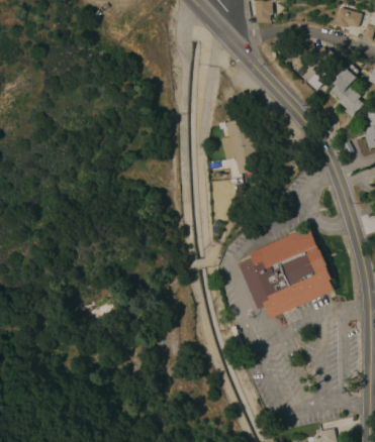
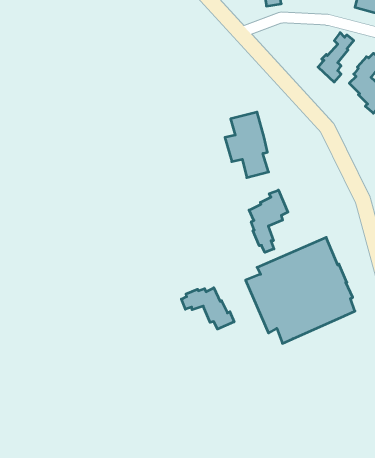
building: none -> [249,190,288,252]
building: none -> [181,288,234,329]

